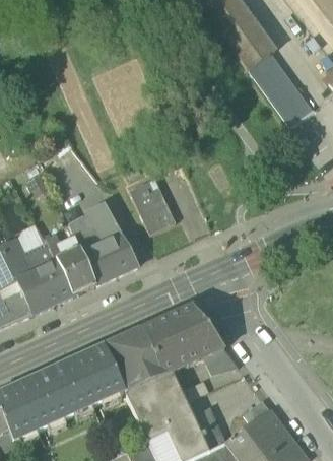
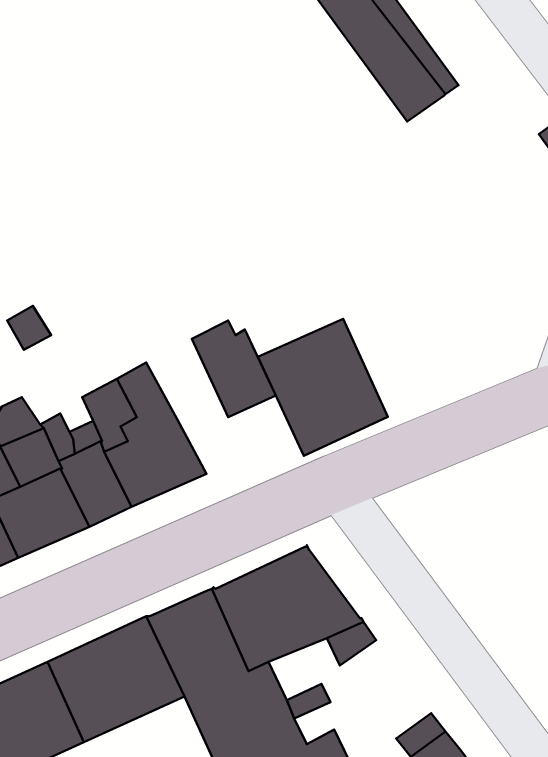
building: [249,55,310,126] -> none
building: none -> [258,319,388,456]

